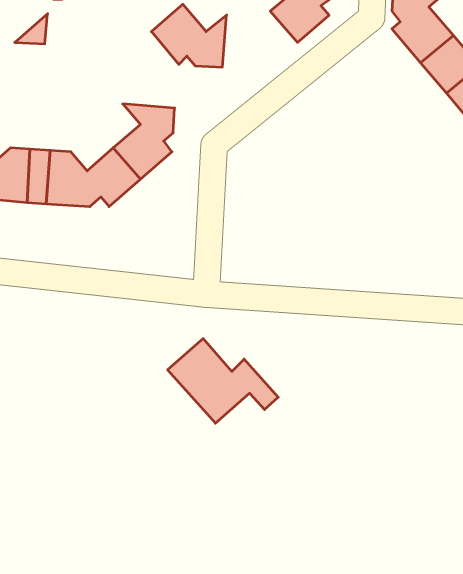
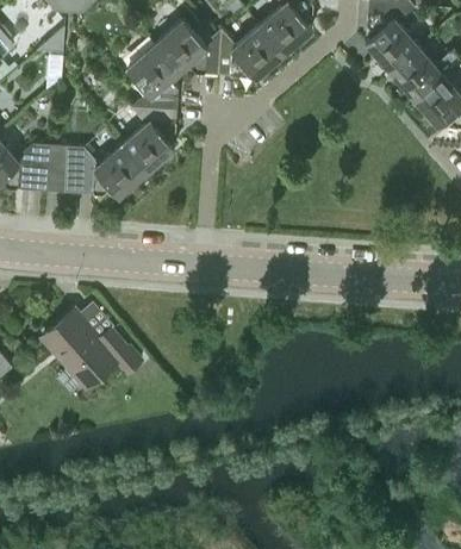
building: none -> [218,25,284,77]
building: none -> [127,43,180,110]
building: [168,339,278,423] -> [44,311,141,385]

